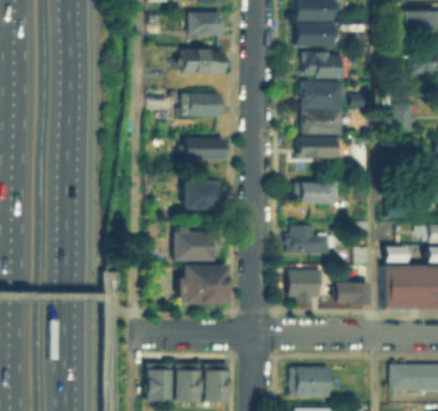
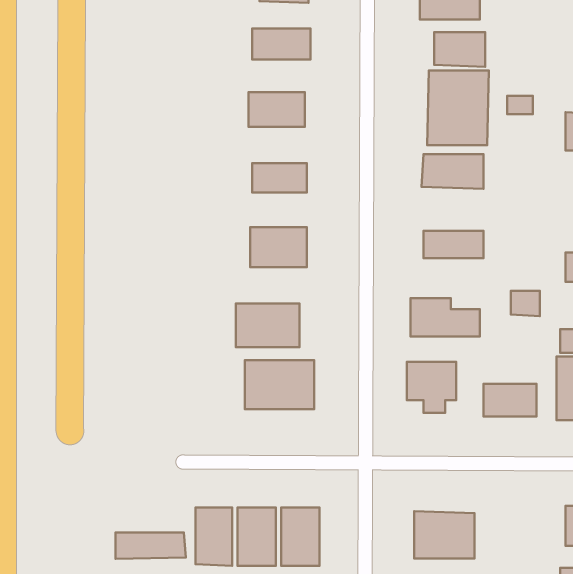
building: none -> [116,533,186,559]

